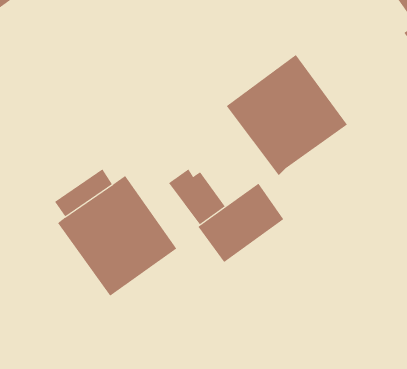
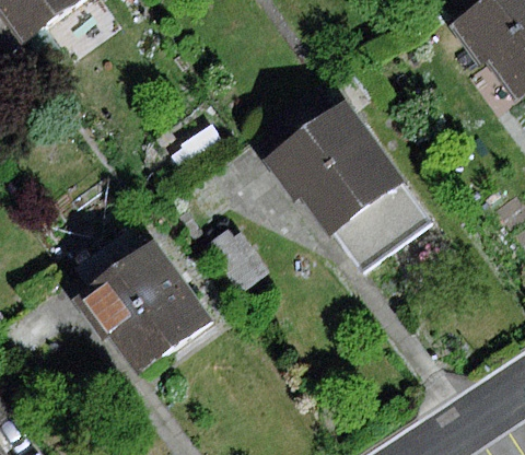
building: [197,183,284,263] -> [335,179,432,269]

